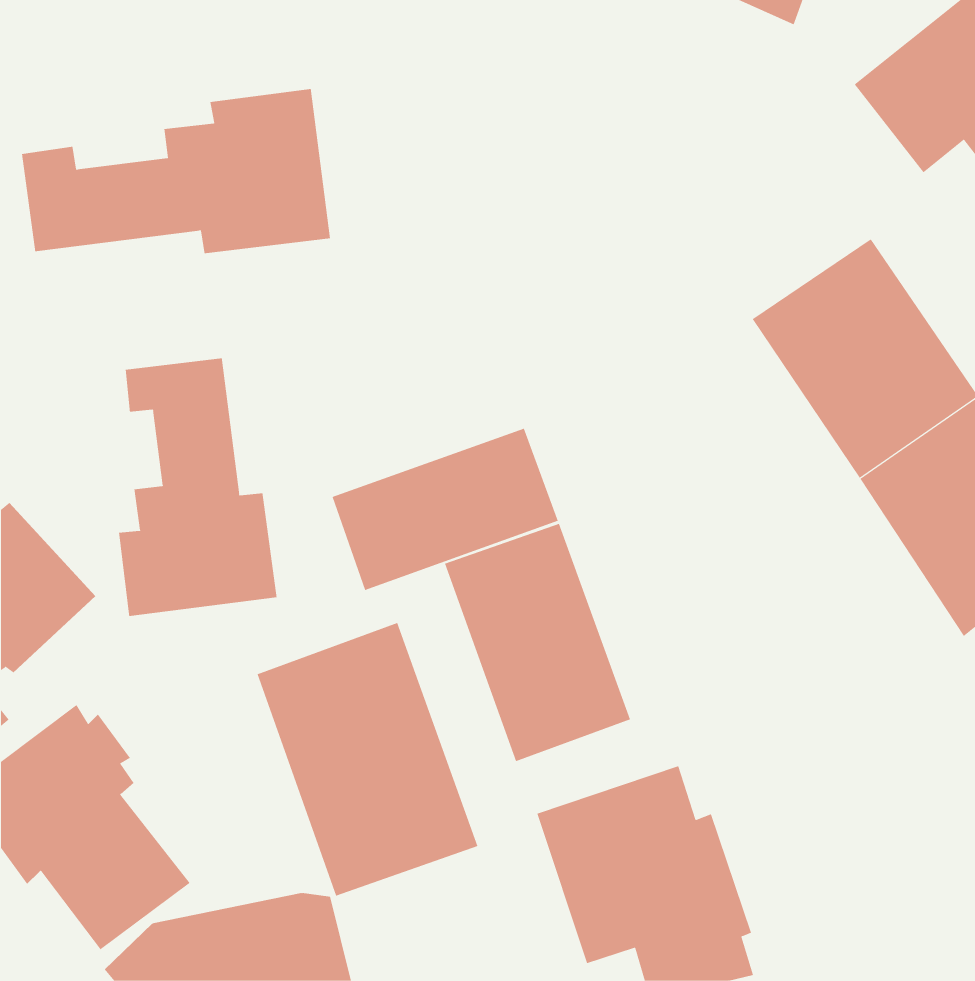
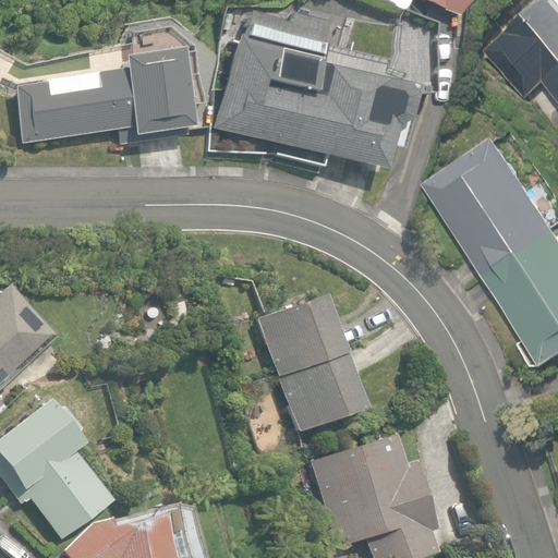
building: none -> [214,13,434,171]
building: [118,357,277,617] -> none
building: [332,428,559,591] -> none
building: [257,622,478,896] -> none

